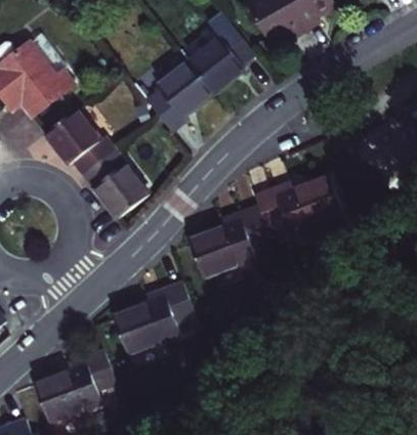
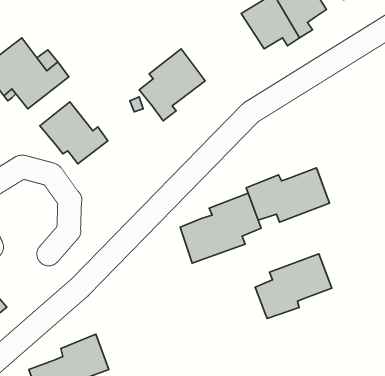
building: [189,17,257,88] -> none
building: [83,149,148,216] -> none
building: none -> [255,254,332,319]
building: [113,279,195,352] -> none

